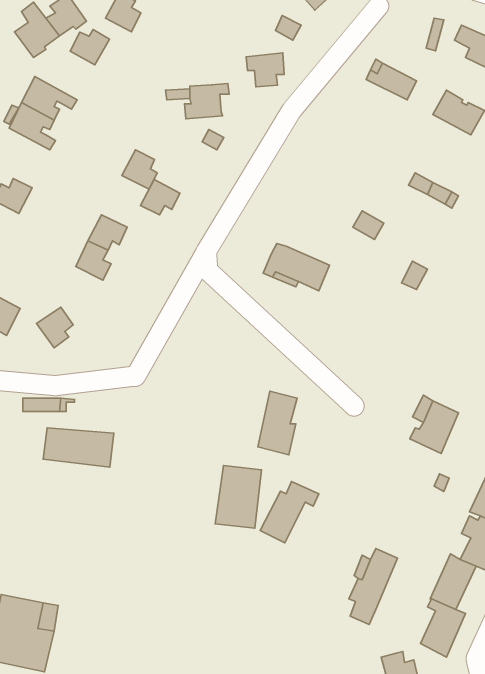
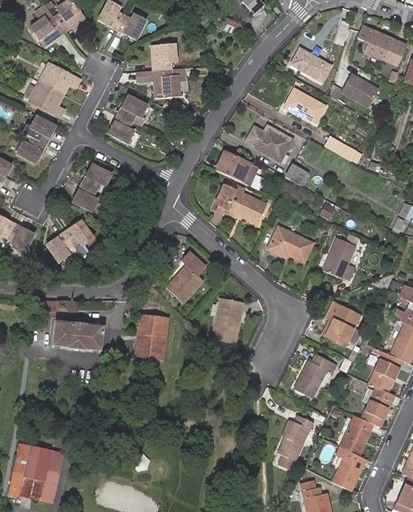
building: [70,30,110,65] -> [118,14,147,40]
building: [246,53,284,87] -> [154,45,182,70]
building: none -> [285,88,326,121]
building: none -> [30,117,55,145]
building: none -> [249,123,286,159]
building: [141,180,180,215] -> [121,98,150,124]
building: none -> [216,151,259,185]
building: none -> [66,221,96,246]
building: none -> [267,225,313,260]
building: none -> [323,237,357,279]
building: none -> [165,250,203,301]
building: [215,466,261,528] -> [136,315,170,361]
building: [260,482,319,543] -> [294,350,337,395]

